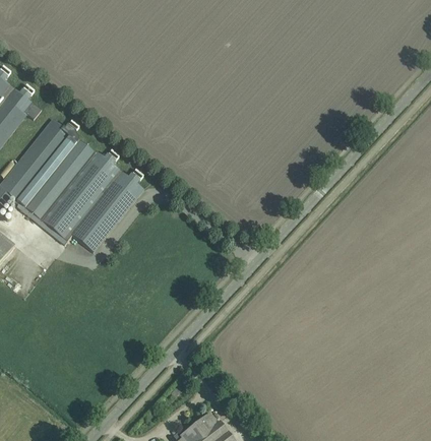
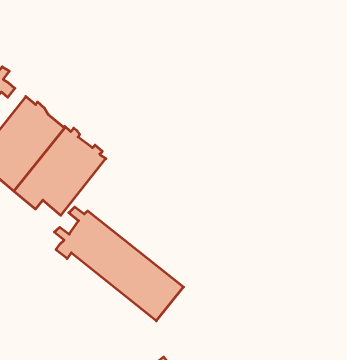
building: none -> [54,207,184,321]

